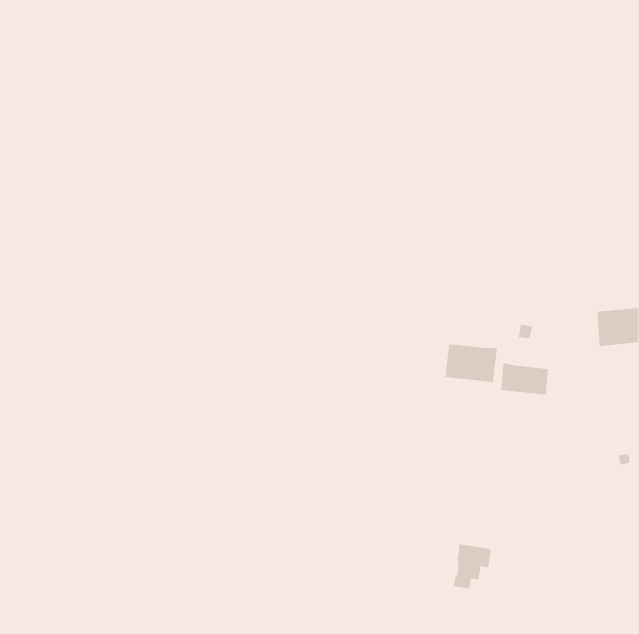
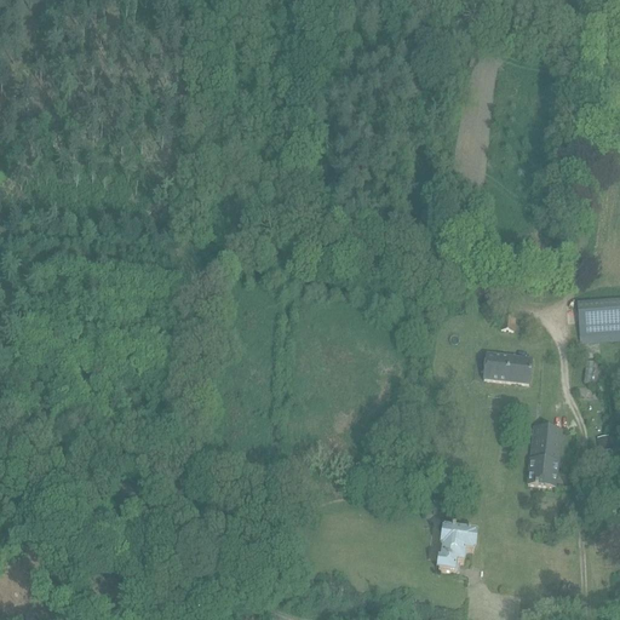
building: [445,344,498,383] -> none
building: none -> [528,425,562,486]

